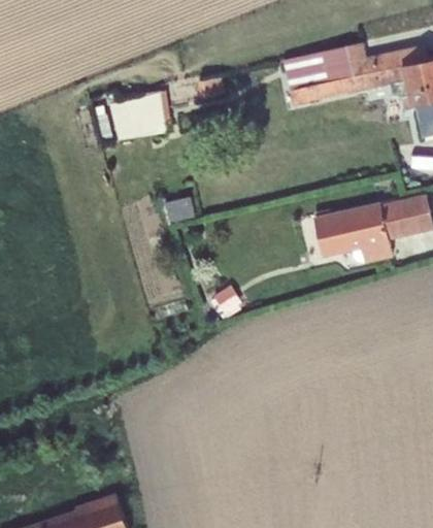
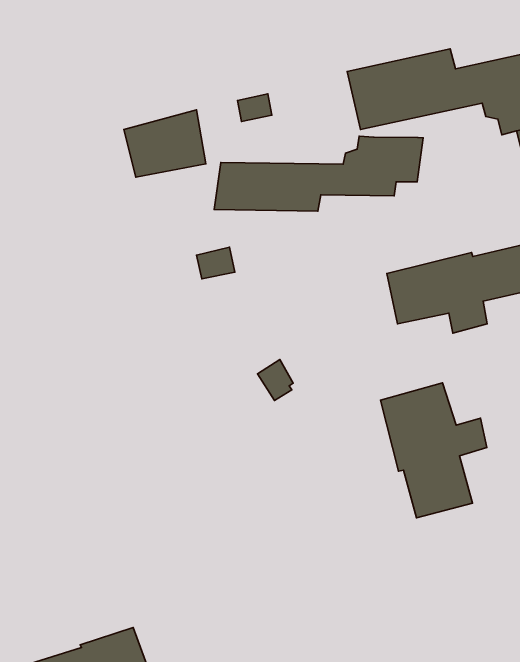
building: none -> [214,136,423,211]
building: none -> [381,383,487,518]

